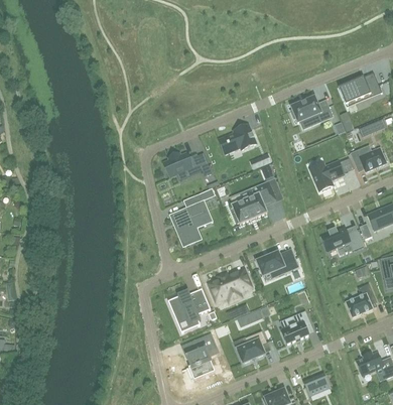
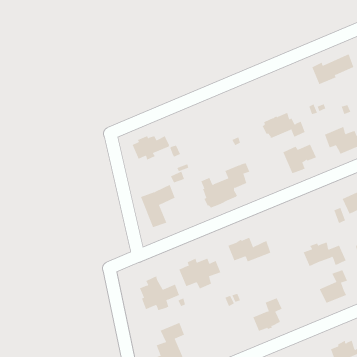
building: [289,96,332,122] -> [262,111,305,138]
building: [224,124,255,151] -> none
building: [320,227,363,251] -> [303,242,347,267]
building: [237,330,266,363] -> none

